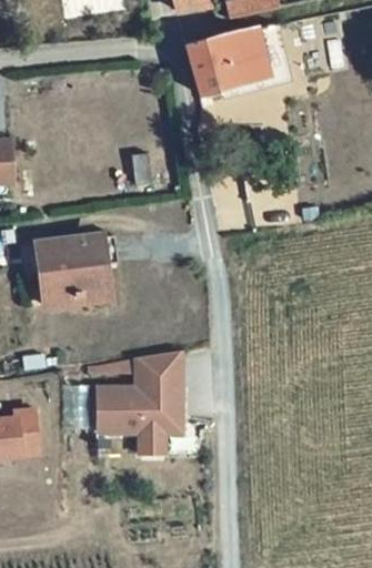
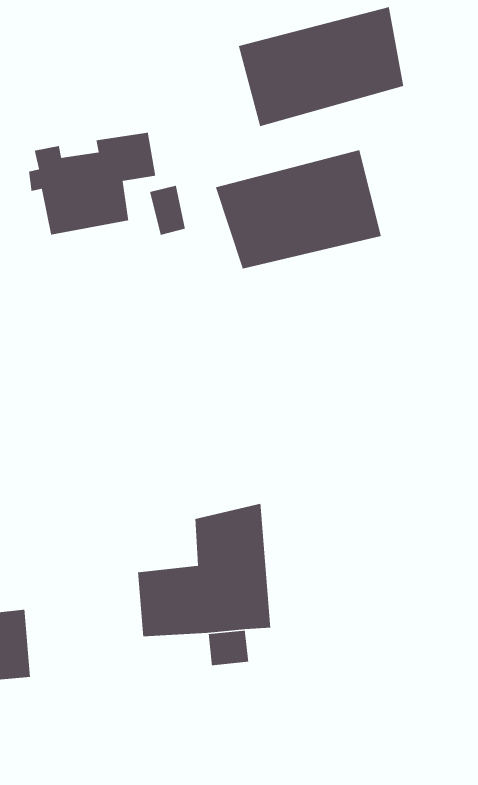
building: none -> [215,149,382,269]
building: [30,239,112,302] -> [28,132,156,235]

